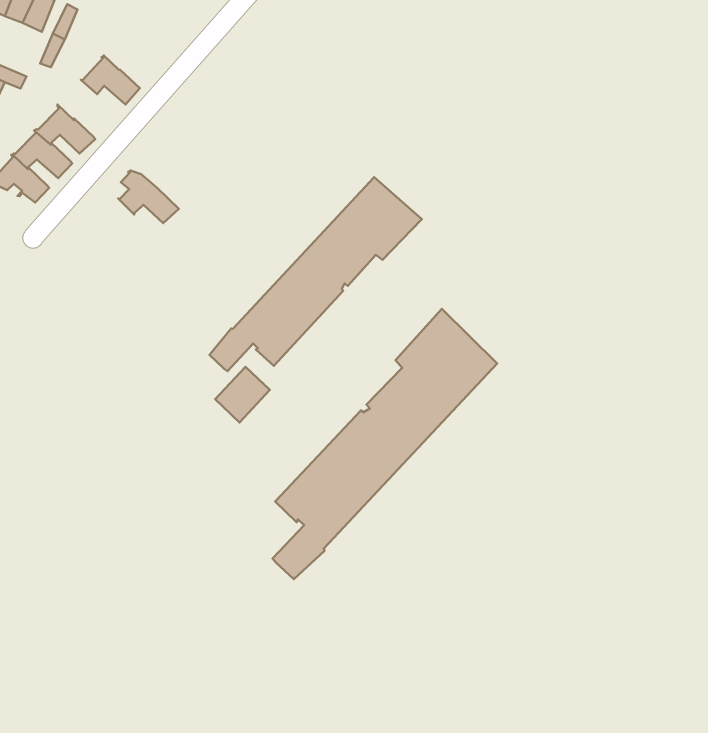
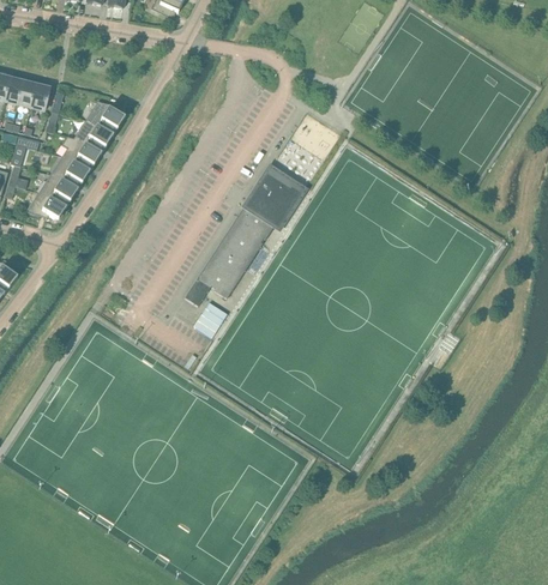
building: none -> [86,99,125,128]
building: [118,170,179,223] -> [62,134,102,164]
building: [272,309,497,579] -> none

